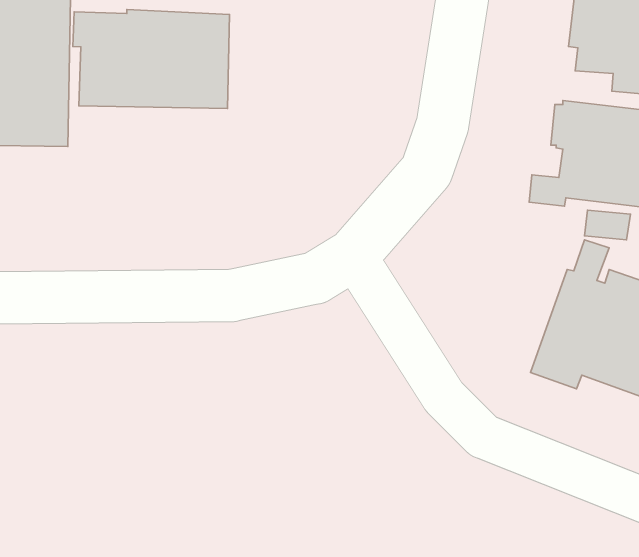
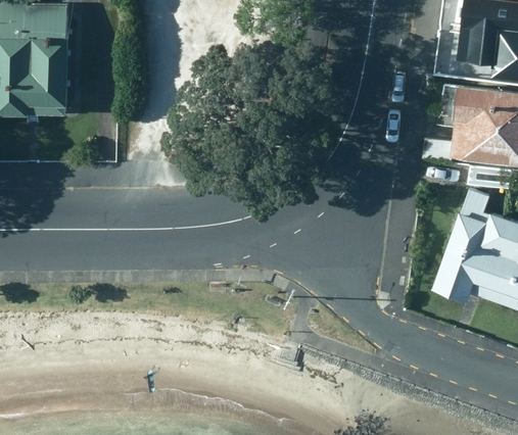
building: [73,10,229,109] -> none

